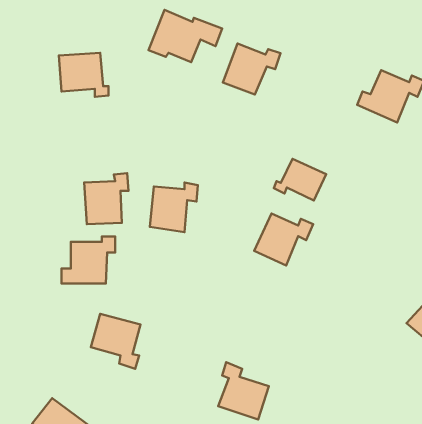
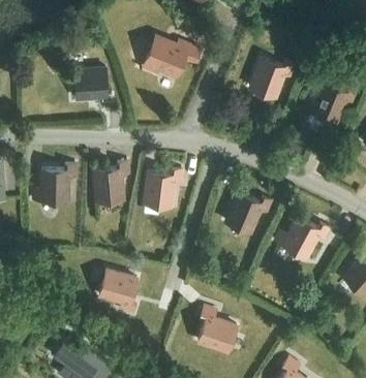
building: [223,44,280,95] -> [250,59,295,98]
building: [274,159,326,200] -> none
building: [62,236,115,283] -> [34,166,75,202]
building: none -> [282,218,330,259]

